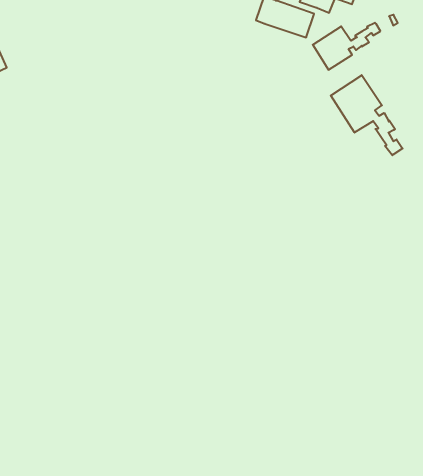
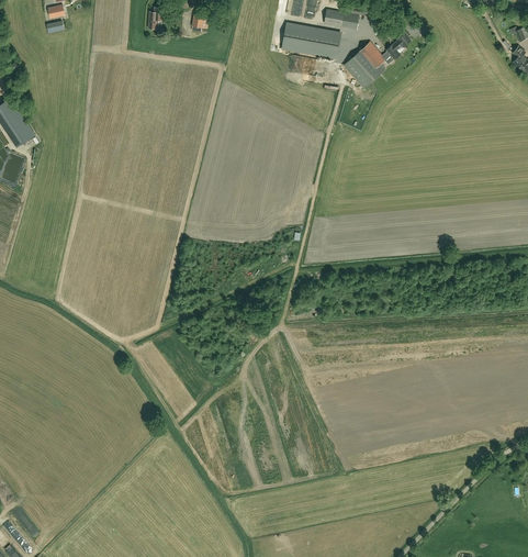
building: [331,75,403,155] -> none

